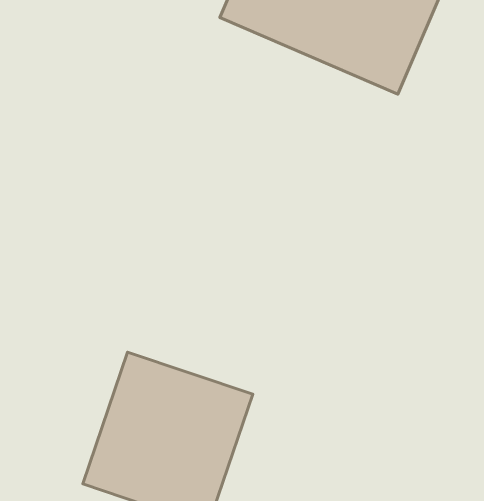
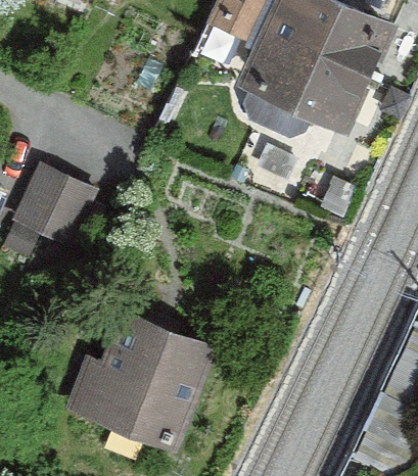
building: none -> [26,155,112,235]

